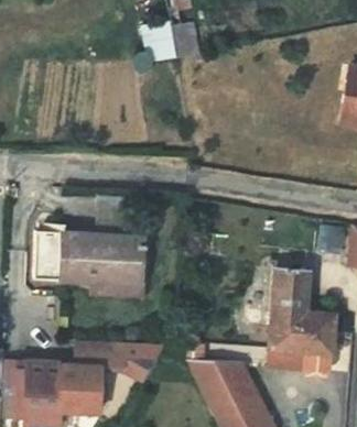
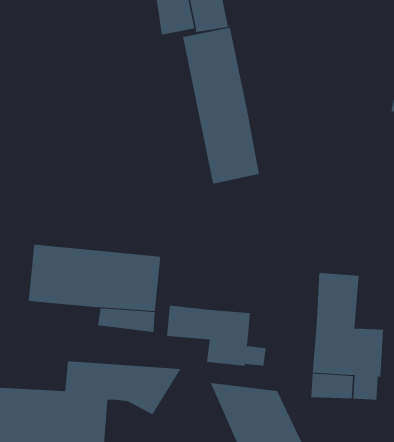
building: none -> [182,27,260,184]
building: none -> [166,305,266,367]

